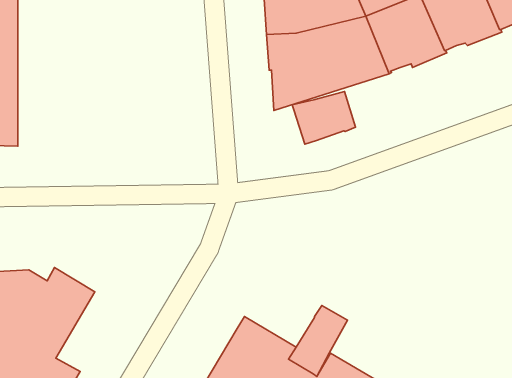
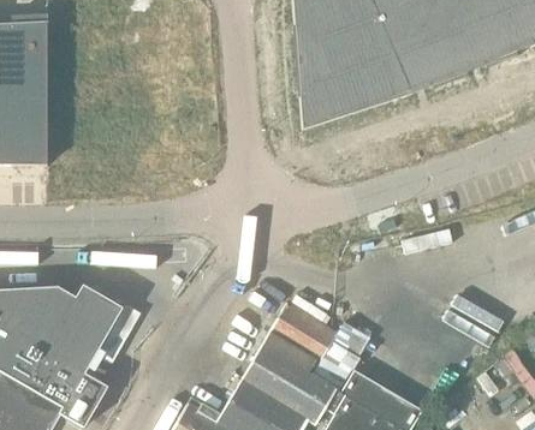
building: [292,92,355,144] -> none
building: none -> [268,303,337,363]

